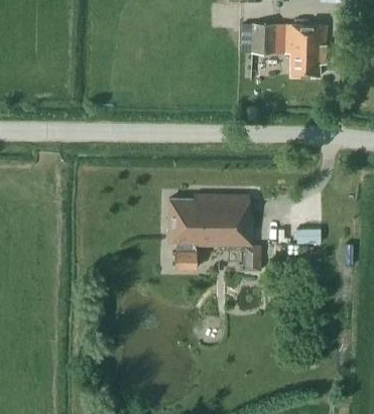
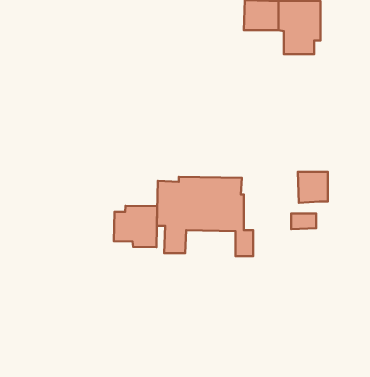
building: none -> [298,172,328,203]
building: none -> [114,206,157,247]

